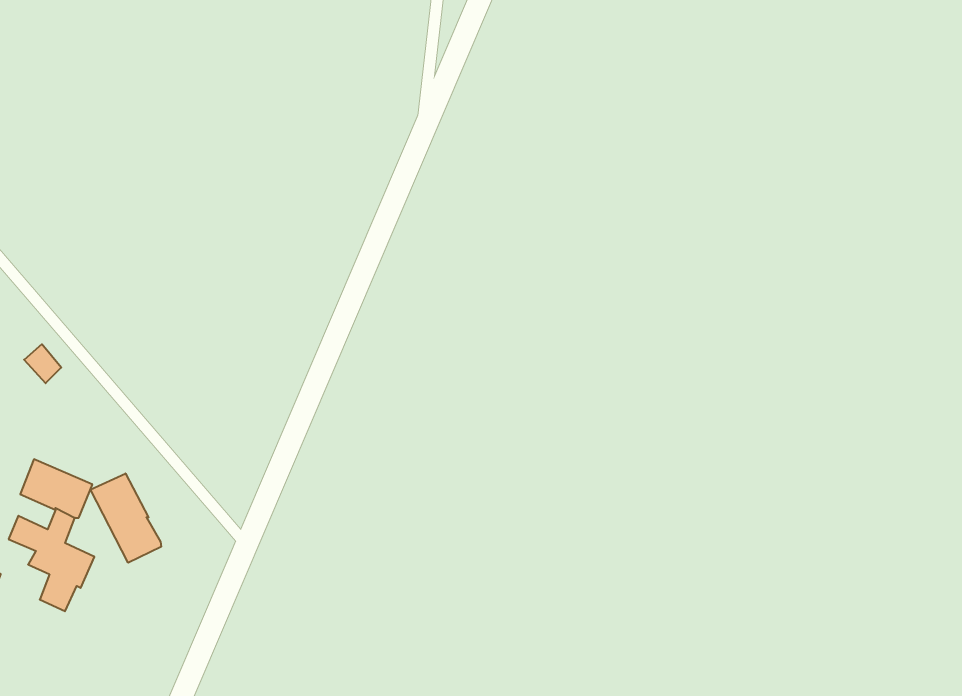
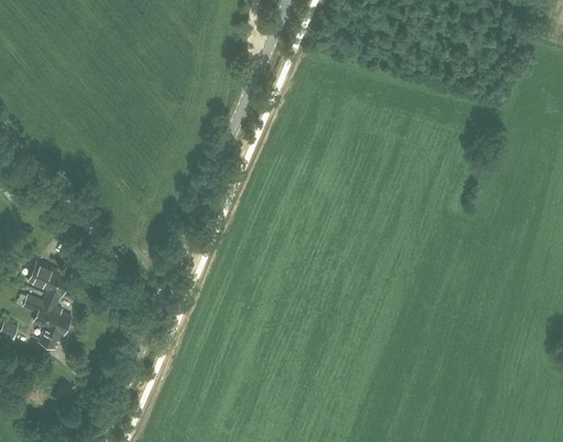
building: [90,473,161,563] -> none

